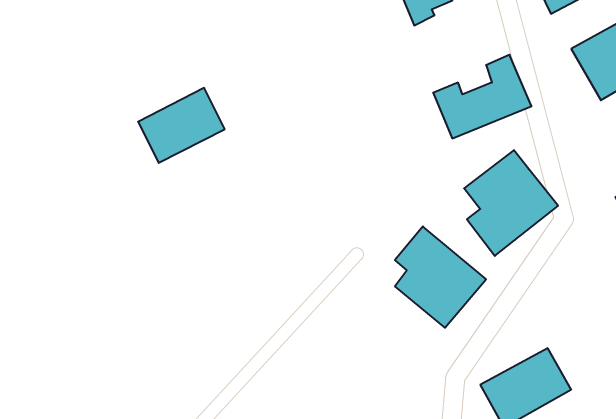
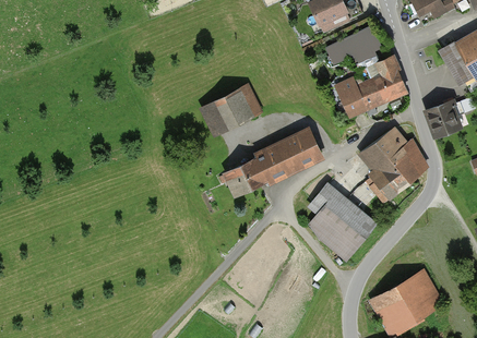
building: none -> [324,27,381,62]
building: [138,88,225,163] -> [200,83,264,138]
building: none -> [425,101,462,138]
building: none -> [222,125,324,198]

